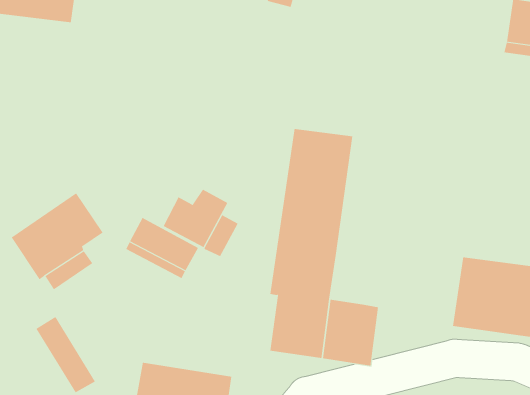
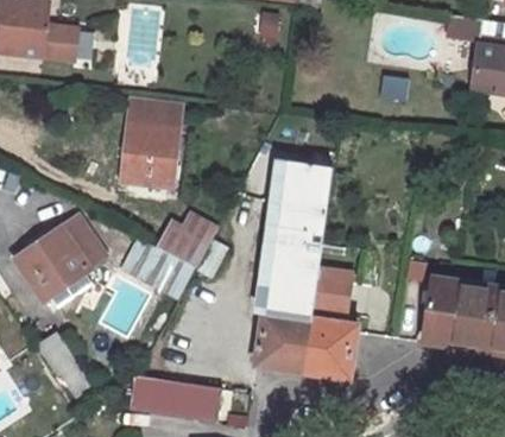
building: none -> [122,97,178,188]
building: none -> [310,277,348,322]

